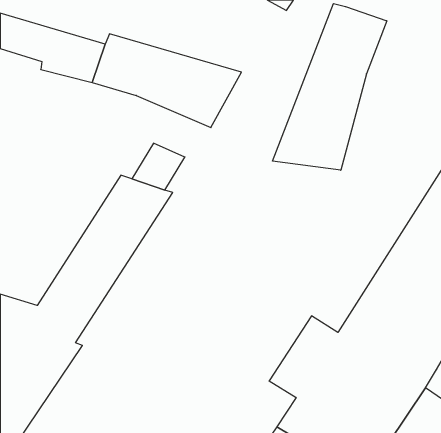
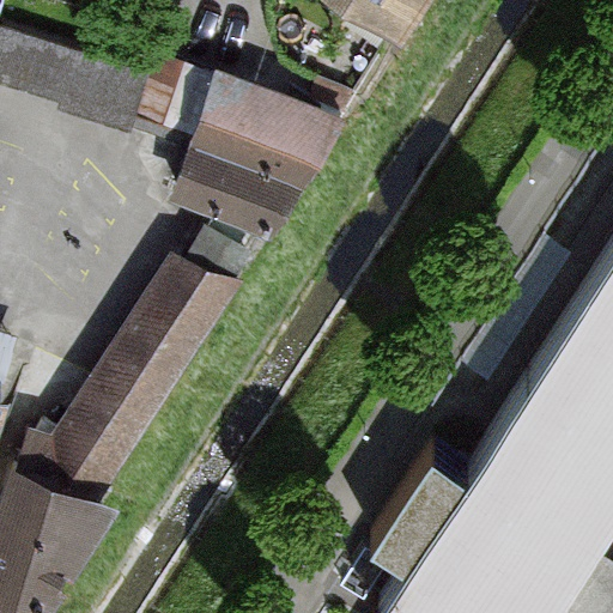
building: [273,4,387,170] -> none
building: none -> [171,146,295,236]

